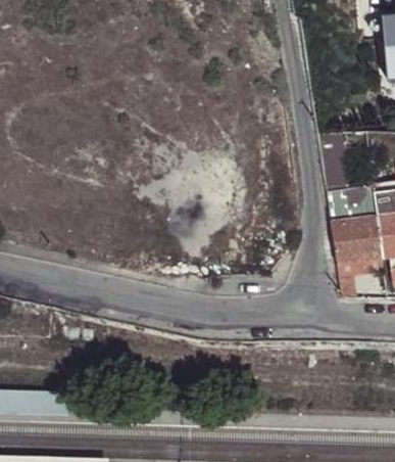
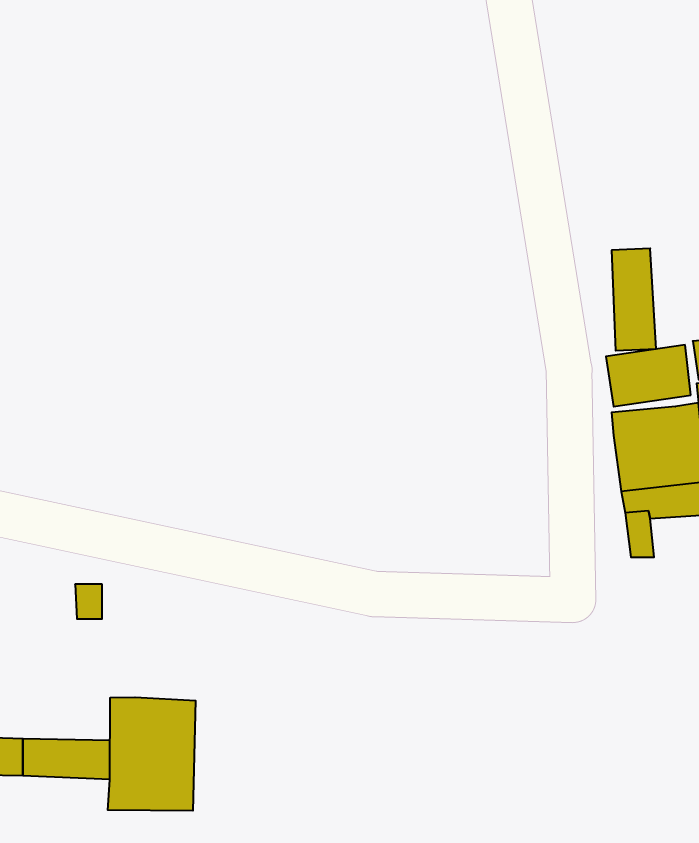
building: none -> [108,697,196,811]

